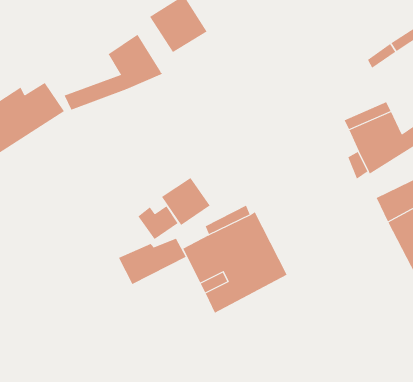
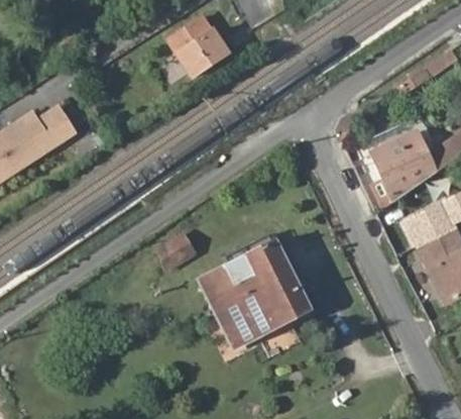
building: [64,34,163,110] -> none
building: [161,177,211,226] -> none
building: [118,238,187,285] -> none

